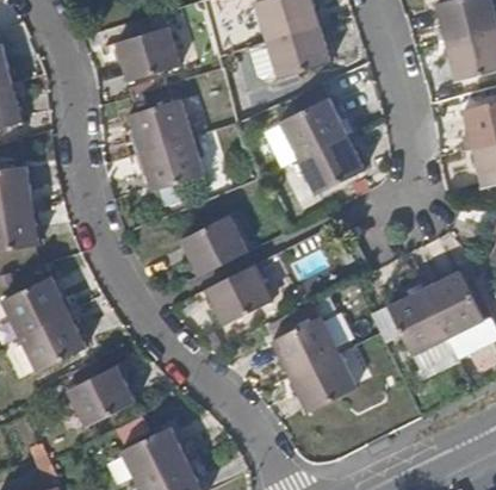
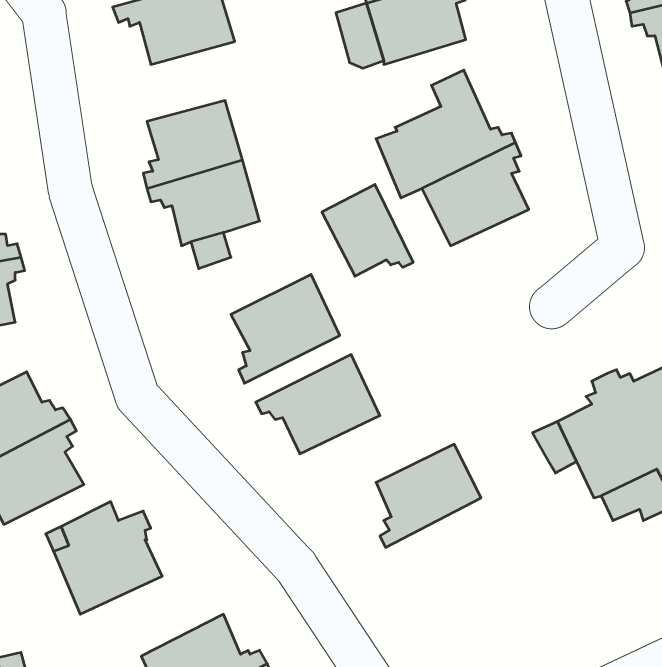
building: none -> [322,184,413,276]
building: [278,349,356,411] -> none

